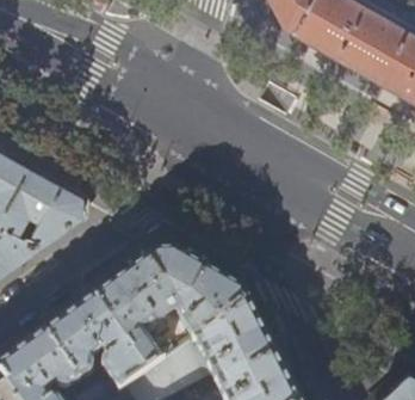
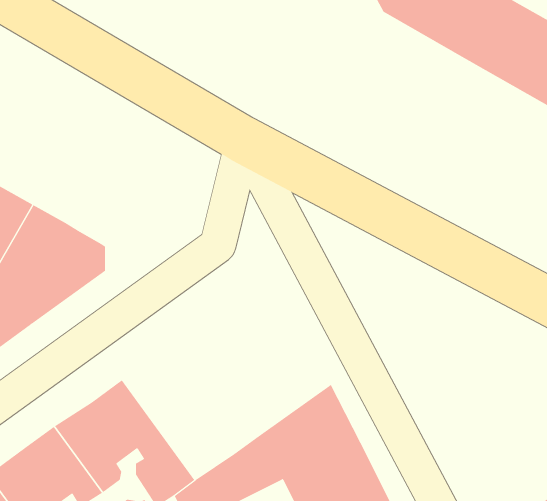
building: [93,252,247,371] -> none

